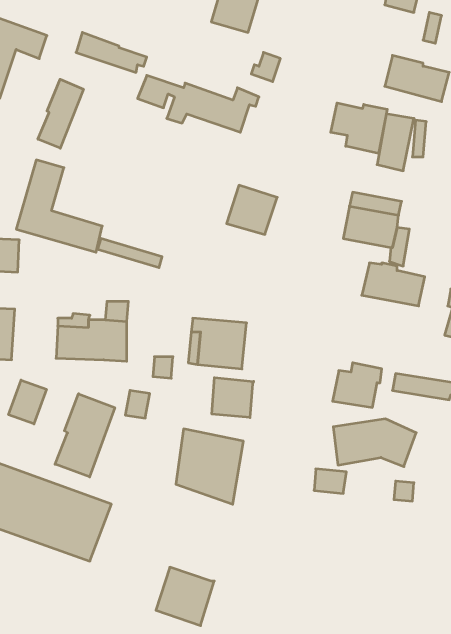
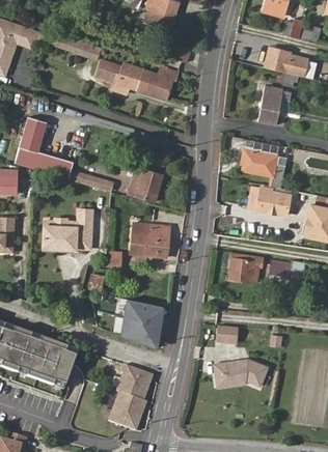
building: [38,79,83,148] -> none
building: [331,103,387,154] -> none
building: [227,185,277,234] -> [129,167,163,200]
building: [212,378,254,418] -> none
building: [9,380,46,424] -> none
building: [55,394,115,477] -> none
building: [333,419,416,467] -> [213,358,269,390]
building: none -> [116,365,155,401]

